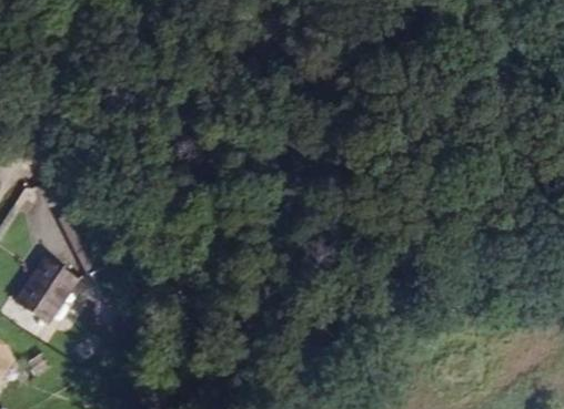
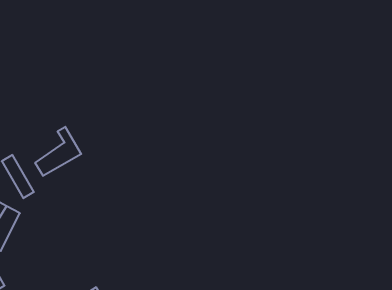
building: none -> [35,127,81,176]

